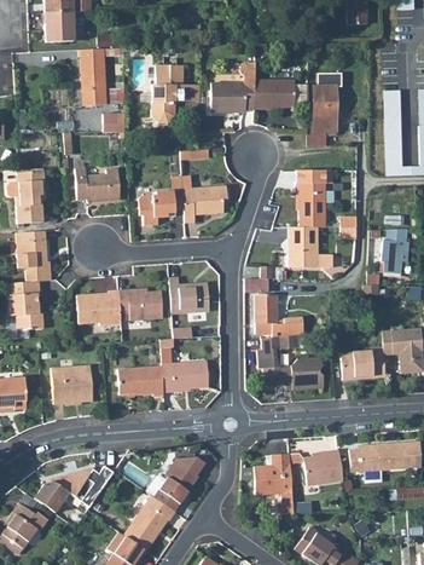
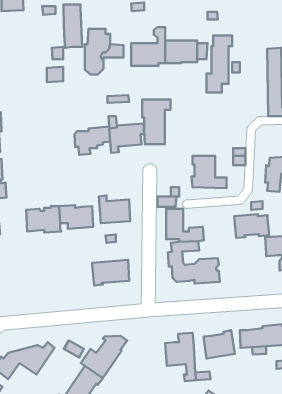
building: [81,50,105,105] -> [63,4,82,48]
building: [74,167,120,202] -> none
building: [296,169,332,226] -> [142,100,171,144]
building: [341,350,385,380] -> [234,214,269,238]
building: [51,364,93,403] -> none
building: [117,365,163,396] -> none

